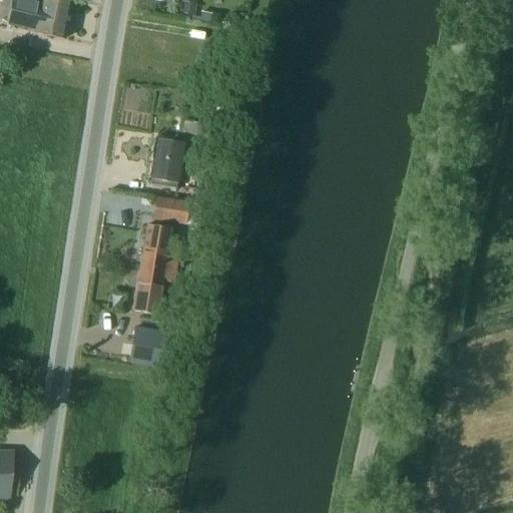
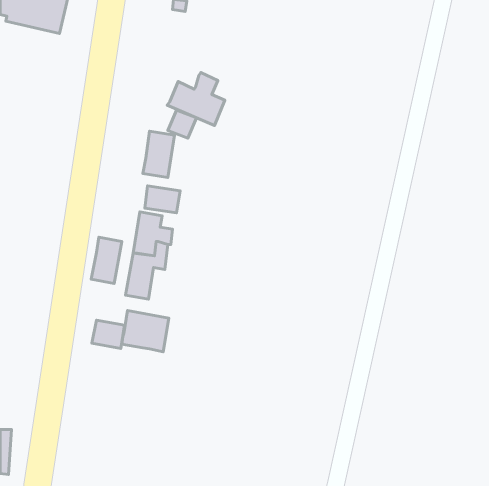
building: none -> [167,72,225,126]
building: none -> [91,237,122,283]
building: none -> [92,320,125,349]

